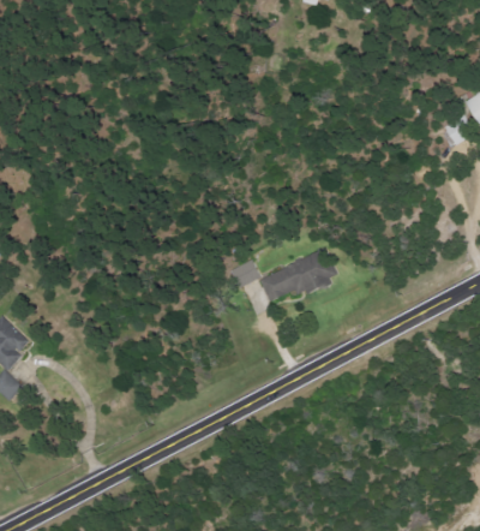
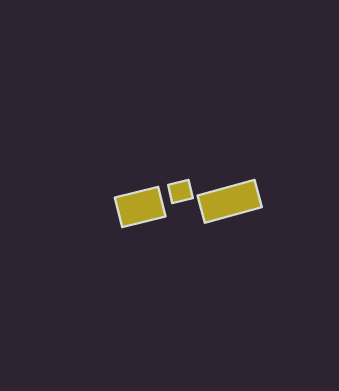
building: none -> [115,187,166,227]

